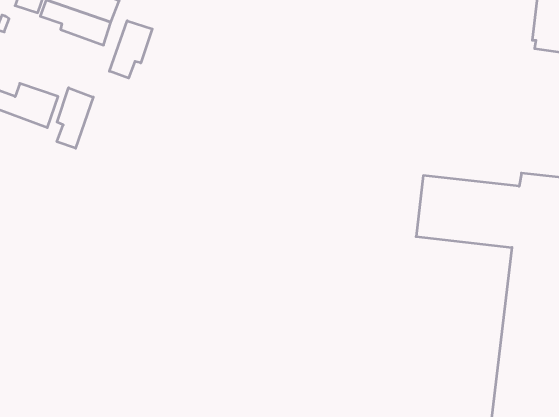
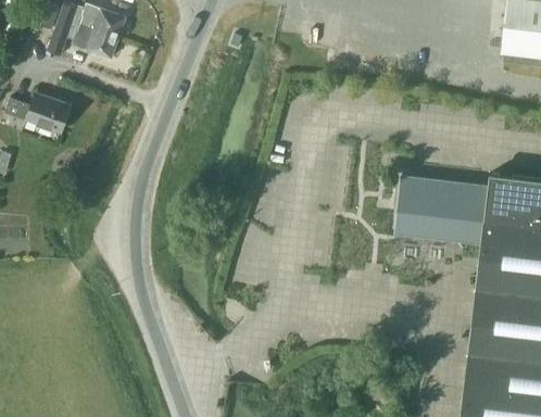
building: [109,21,152,78] -> none
building: [57,88,93,148] -> none

